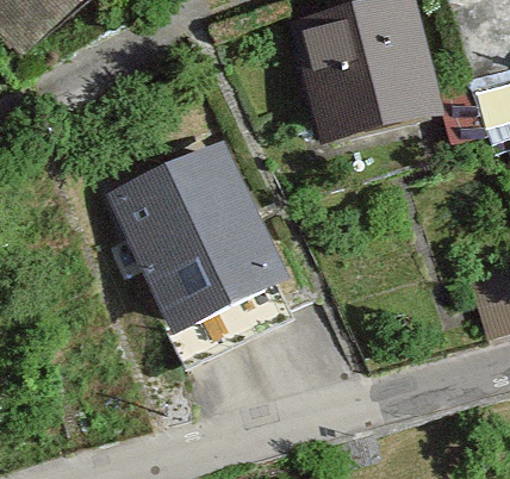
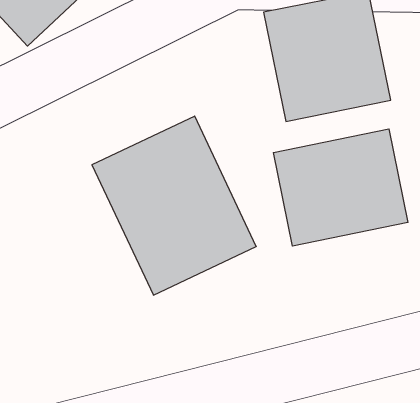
building: none -> [273,129,408,246]

